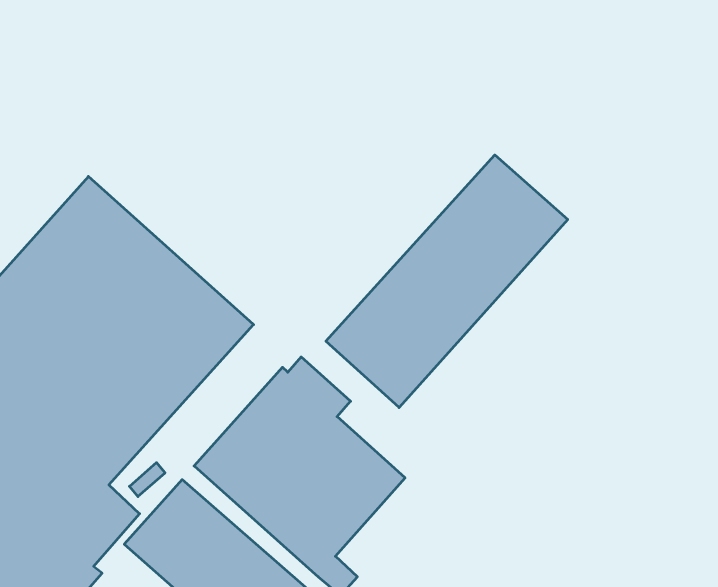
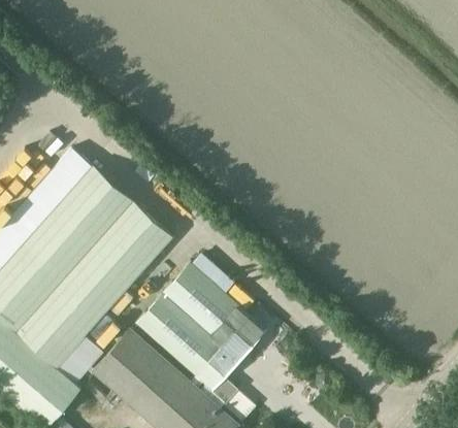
building: [326,155,568,408] -> none

